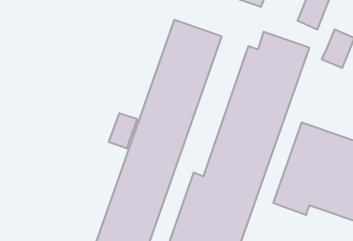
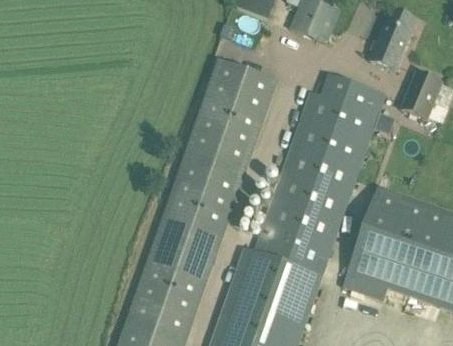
building: [109,113,137,149] -> none

